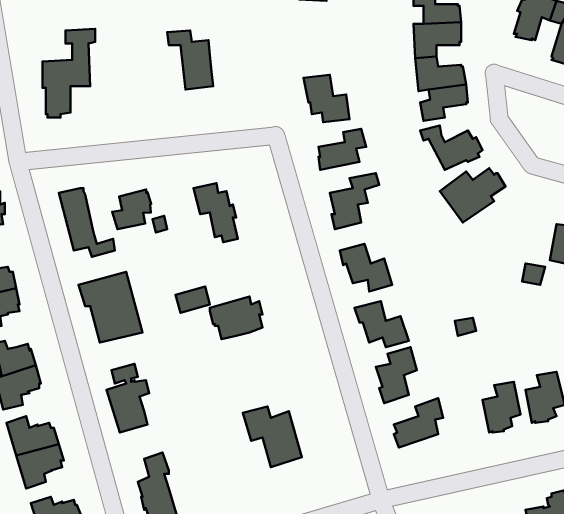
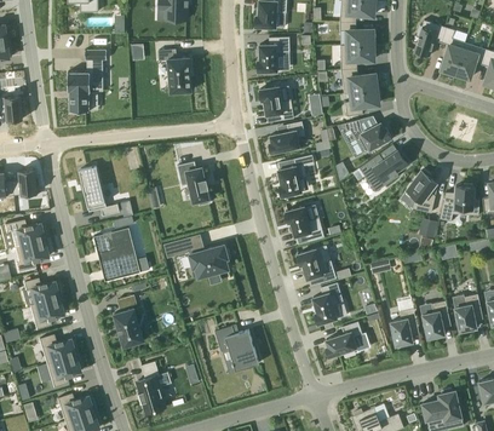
building: none -> [258,36,291,70]
building: [112,190,151,229] -> none
building: none -> [407,169,437,212]

